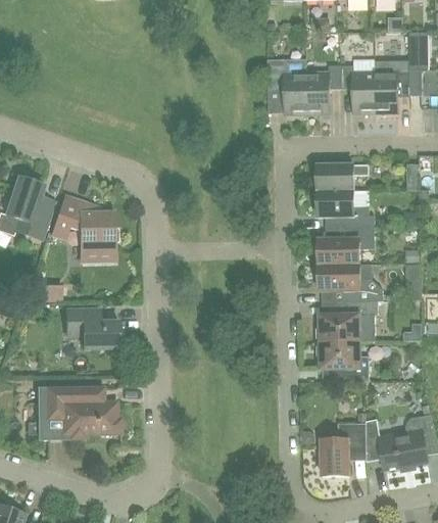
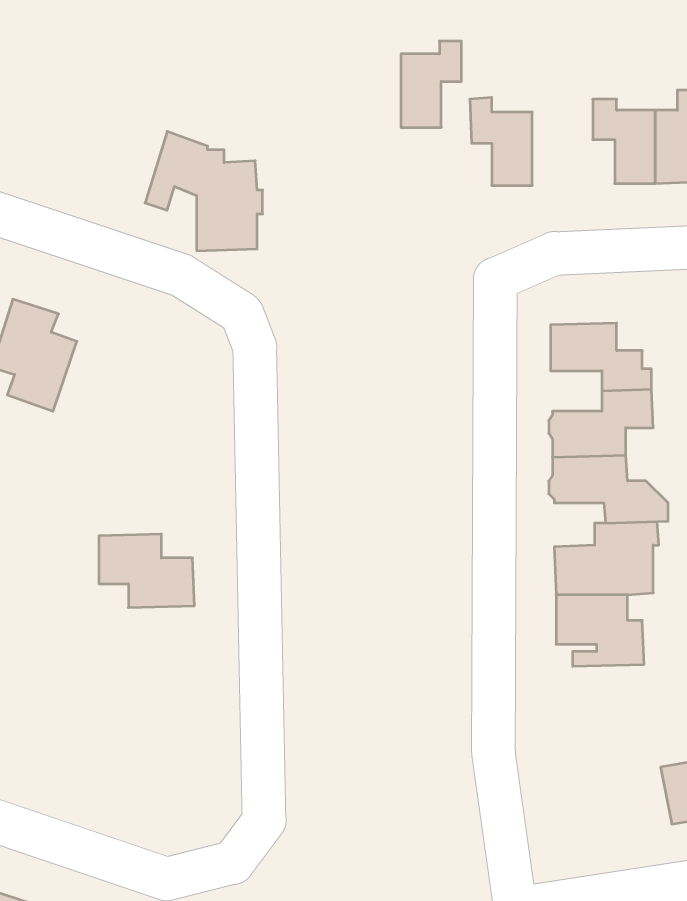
building: [307,64,341,112] -> [401,41,461,127]
building: [318,163,369,190] -> none
building: [52,194,117,260] -> [145,131,263,251]
building: [39,387,120,437] -> none
building: [322,422,367,475] -> none

